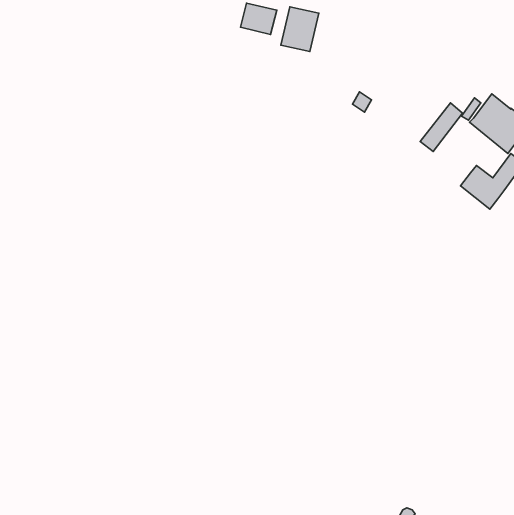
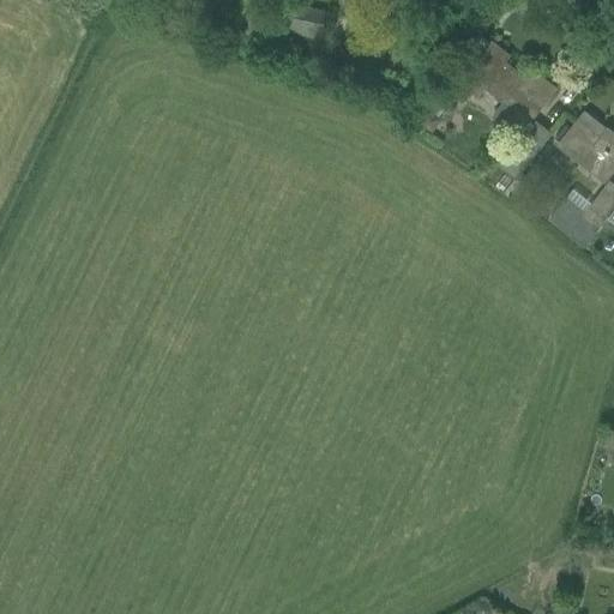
building: [281,7,319,51] -> none
building: none -> [462,43,559,126]

